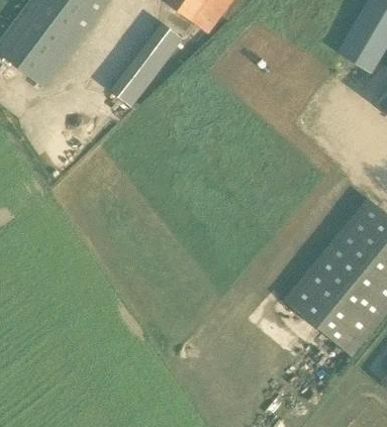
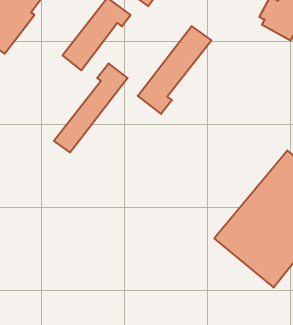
building: none -> [138,26,211,114]
building: none -> [54,63,128,152]

